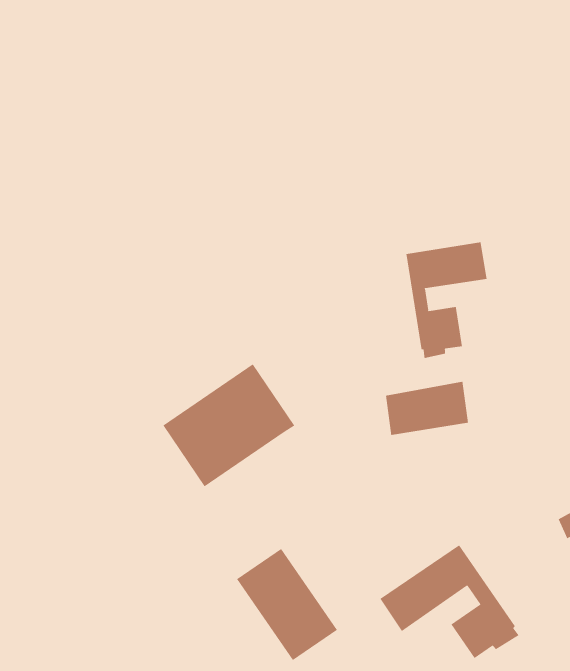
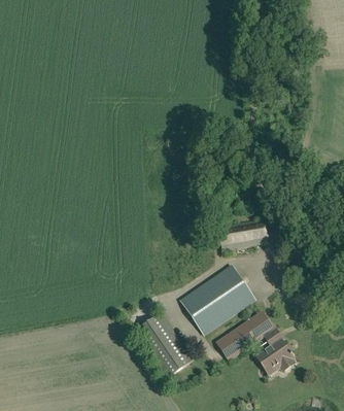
building: [406,241,487,359] -> none
building: [162,364,295,487] -> [180,264,255,334]

